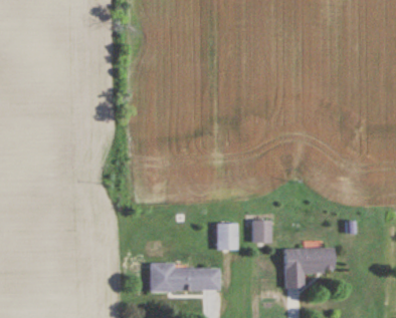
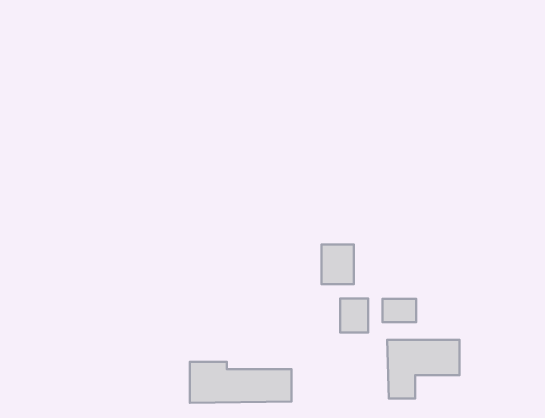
building: none -> [382,299,416,322]
building: [216,224,238,251] -> [322,244,354,284]

